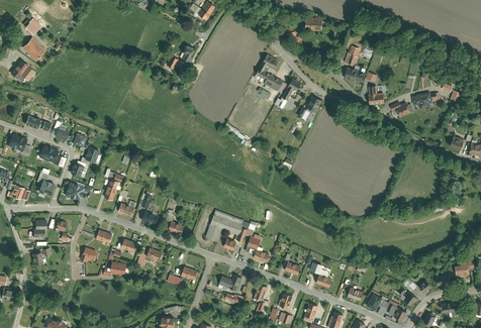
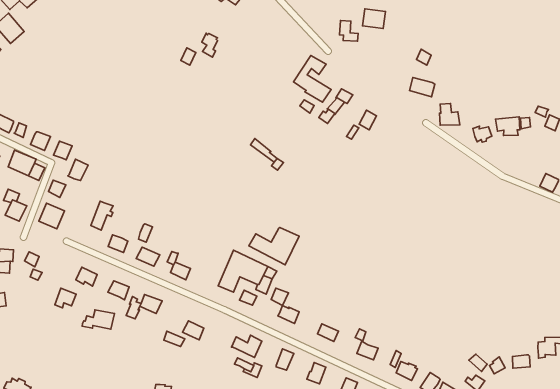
building: none -> [249,227,299,265]

